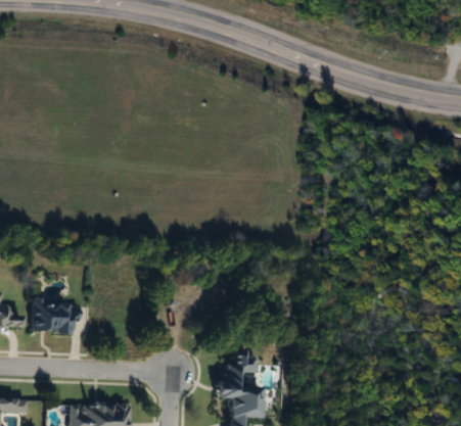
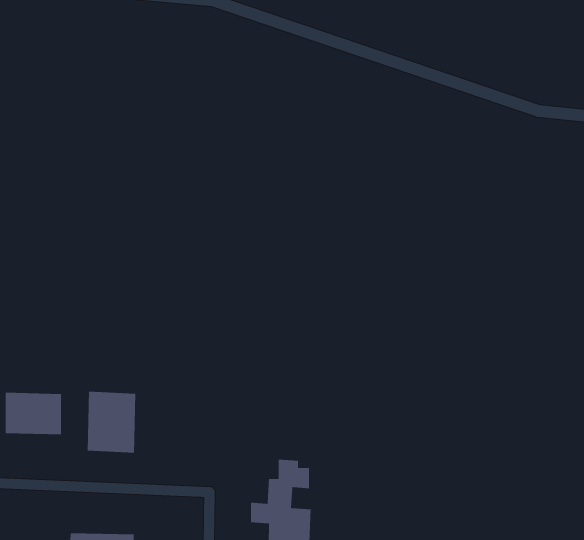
building: none -> [87,391,136,453]

